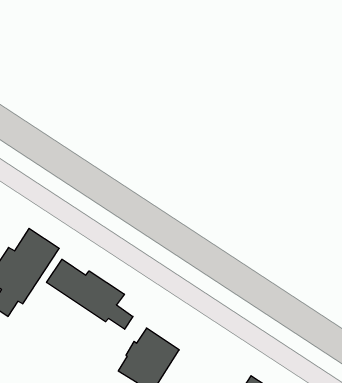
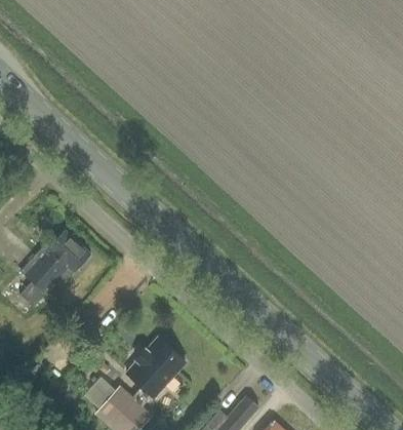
building: [47,259,133,329] -> none

